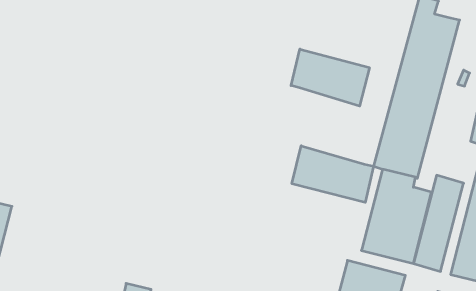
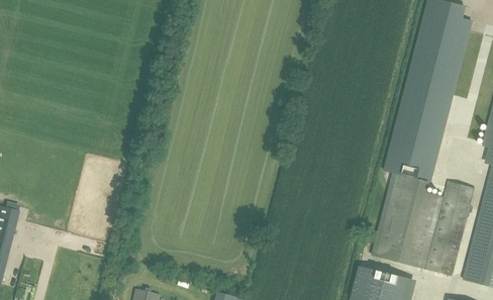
building: [291,49,369,106] -> none
building: [292,146,373,202] -> none

